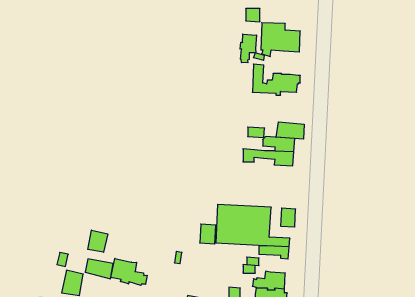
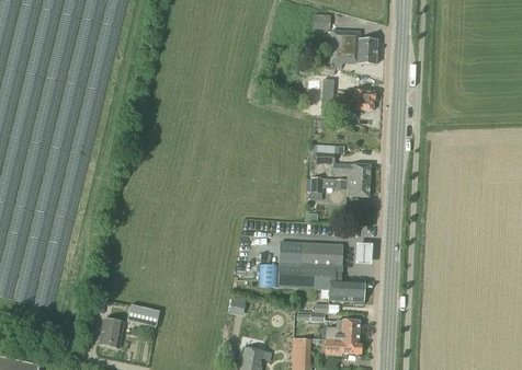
building: [240,34,256,63] -> none
building: [276,122,304,139] -> none
building: [88,230,108,252] -> none
building: [111,258,147,285] -> none

